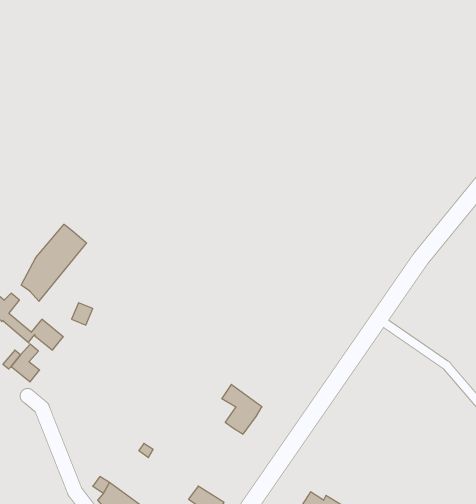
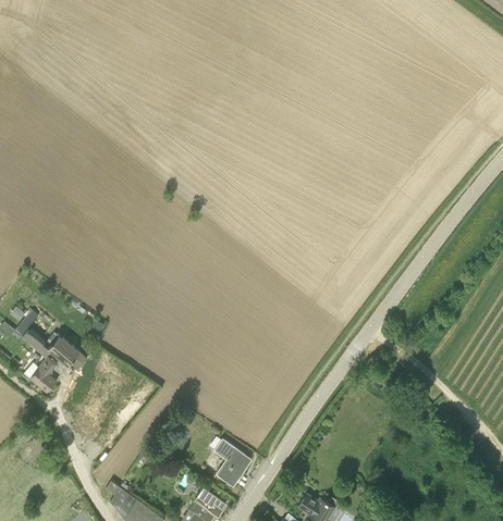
building: [21,224,87,301] -> none
building: [222,384,262,434] -> [214,438,252,484]

